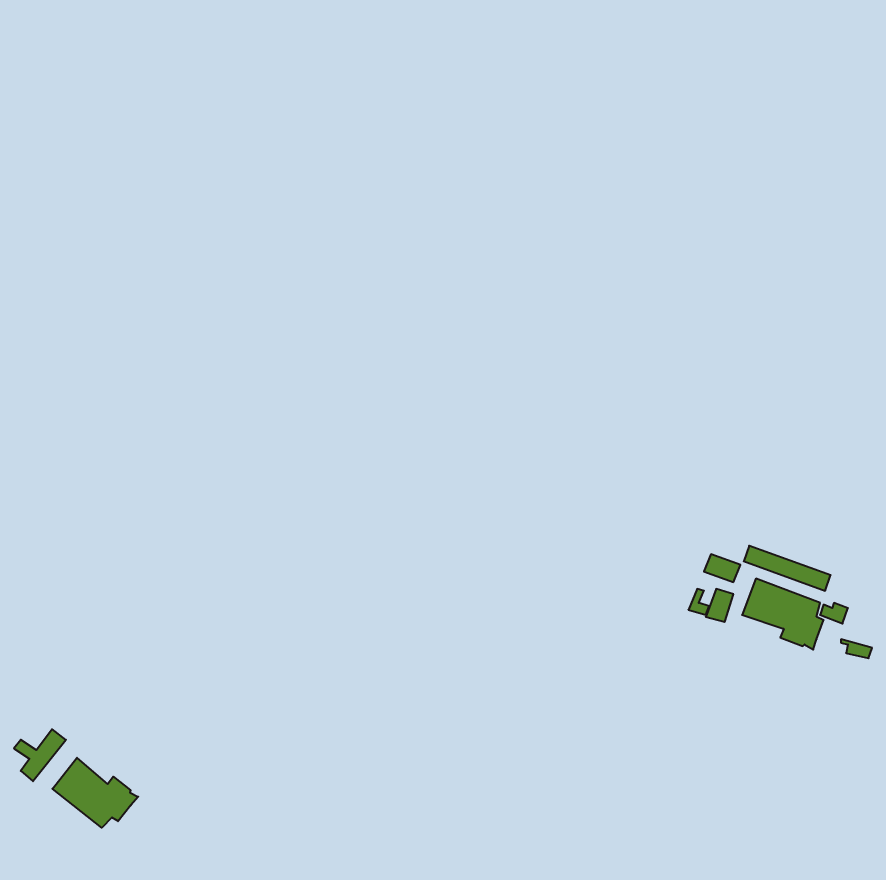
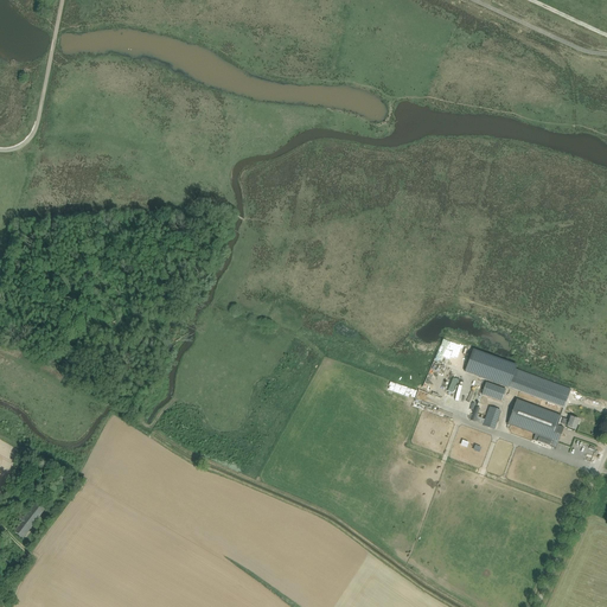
building: none -> [465,346,496,376]
building: [52,758,138,828] -> none

